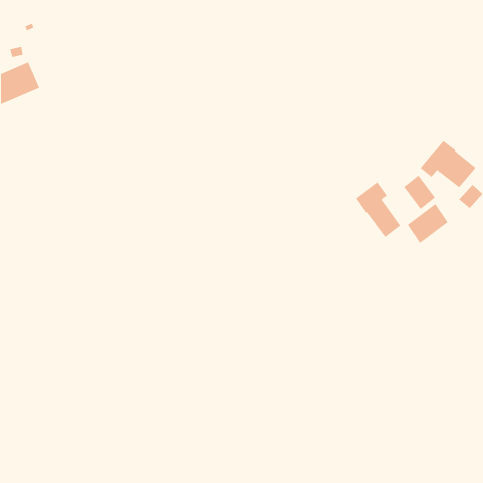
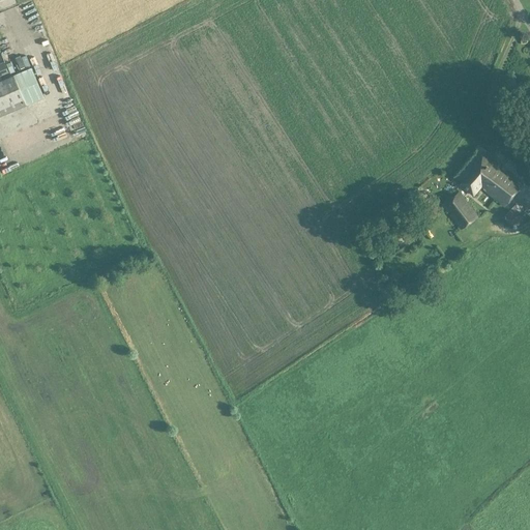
building: [355,181,401,238] -> none
building: [407,203,449,244] -> none

